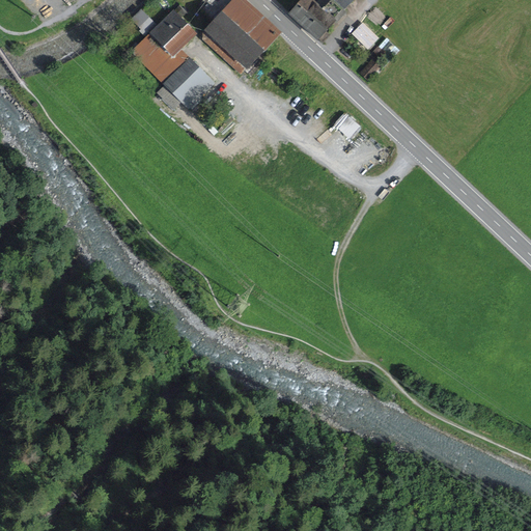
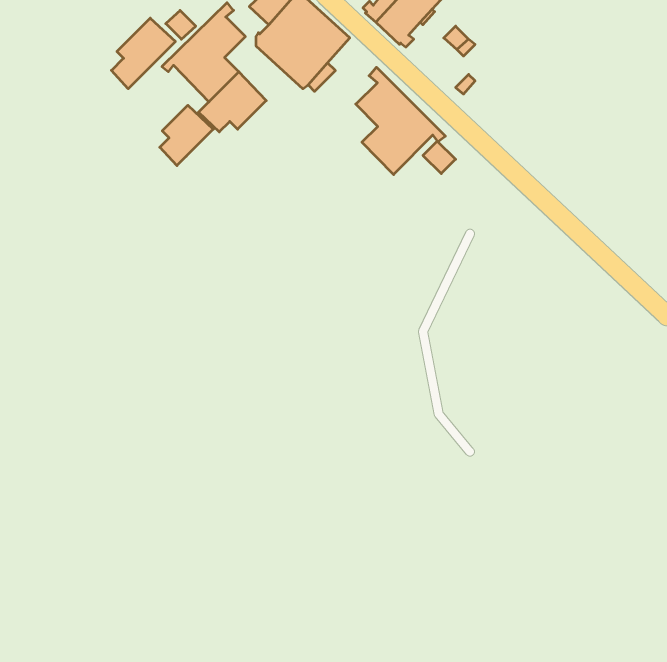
building: none -> [111,18,175,89]
building: none -> [356,67,445,175]
building: none -> [160,105,213,166]

